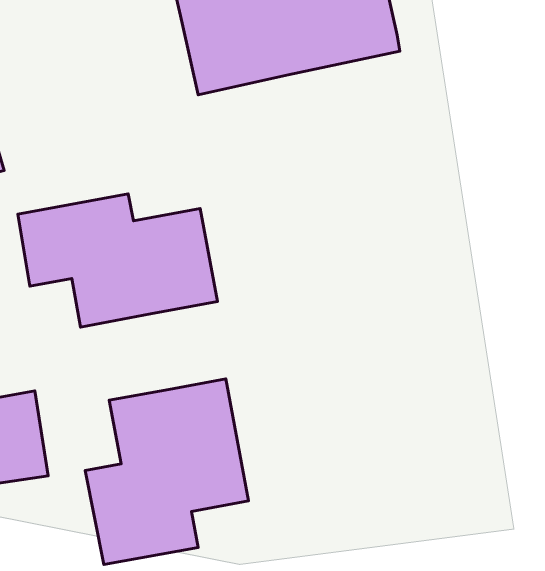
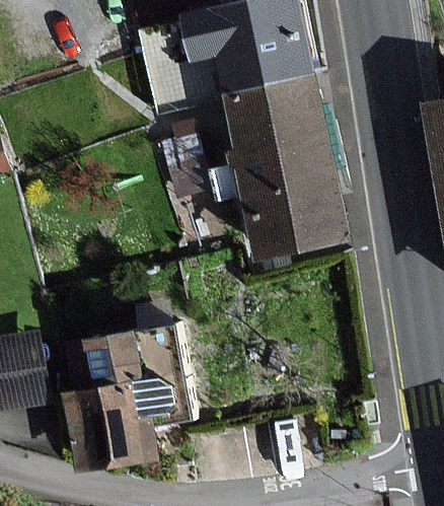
building: none -> [227,73,345,250]
building: [18,194,217,327] -> none

